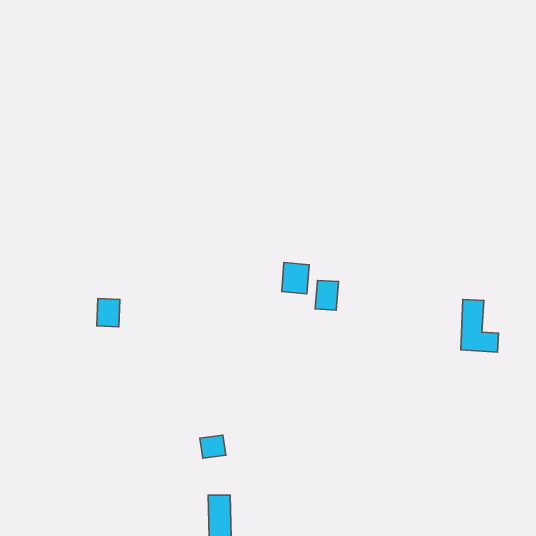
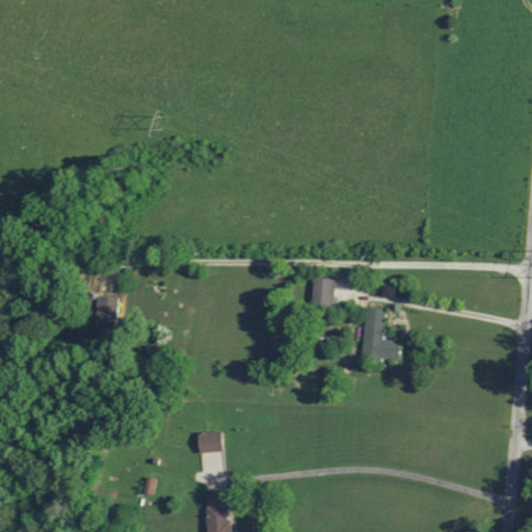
building: [282,262,309,294] -> none
building: [461,300,499,352] -> [363,308,400,360]

